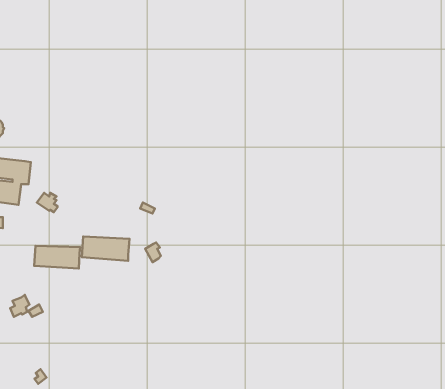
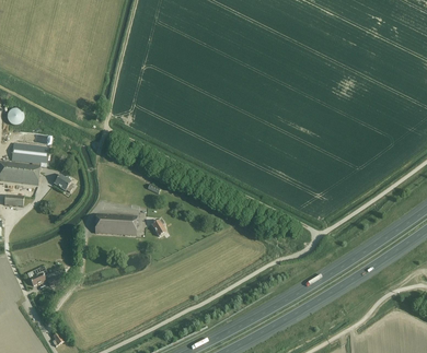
building: [34,246,80,269] -> none

